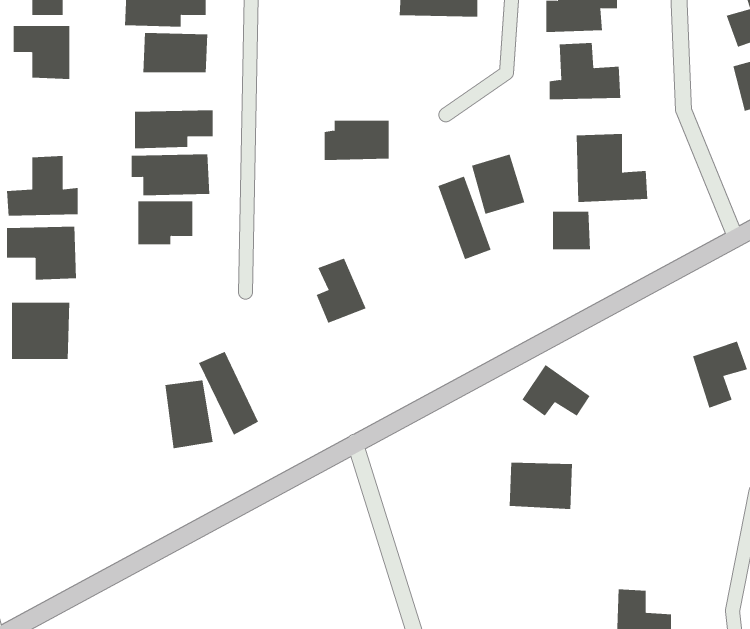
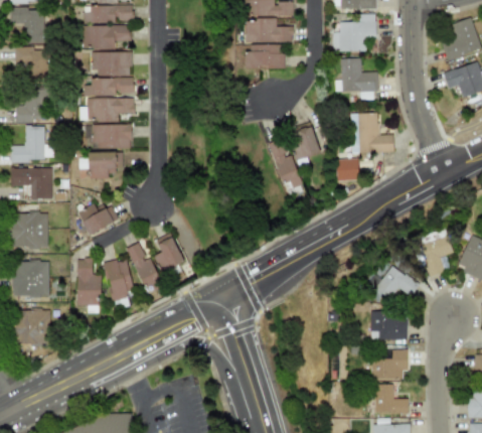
building: none -> [84,78,133,96]
building: none -> [16,89,47,123]
building: [324,120,390,161] -> [246,44,285,68]
building: [316,258,366,324] -> [155,233,185,272]
building: none -> [81,201,119,234]
building: [522,364,591,416] -> [378,265,420,296]
building: none -> [77,258,101,305]
building: none -> [12,261,50,296]
building: [509,462,573,509] -> [370,312,409,340]
building: none -> [16,309,51,343]
building: none -> [371,349,409,380]

